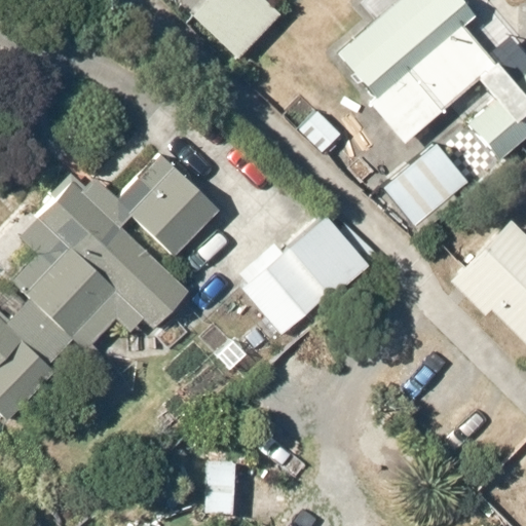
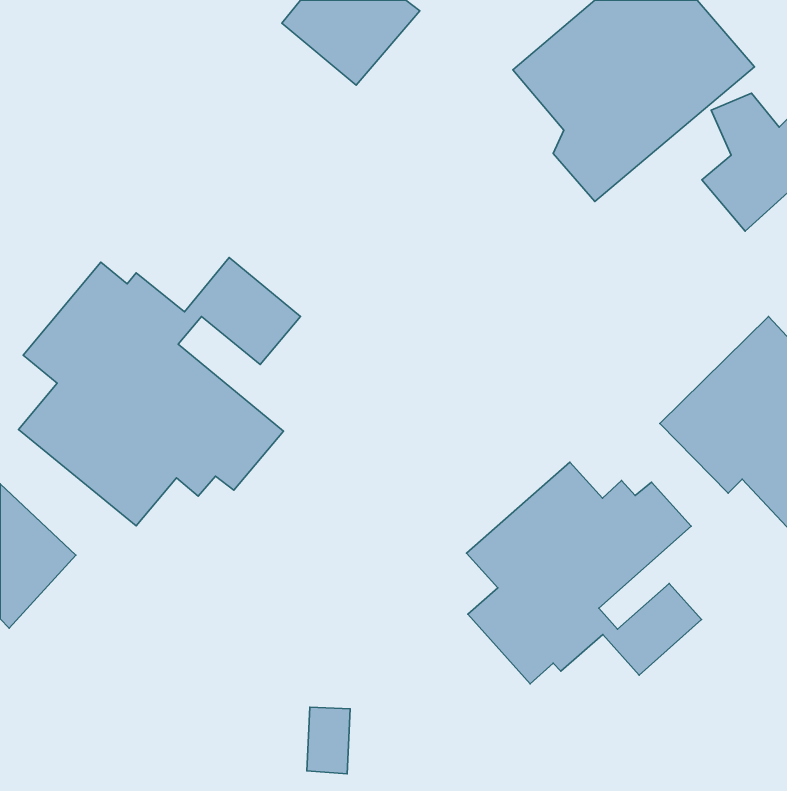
building: [385,141,471,218] -> none
building: [241,214,369,337] -> none
building: none -> [467,462,702,684]

